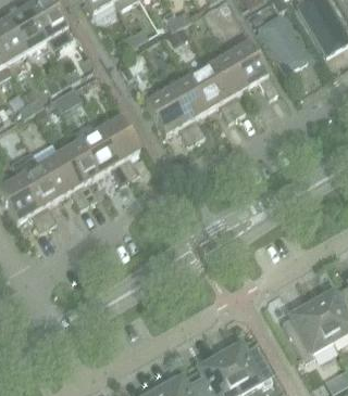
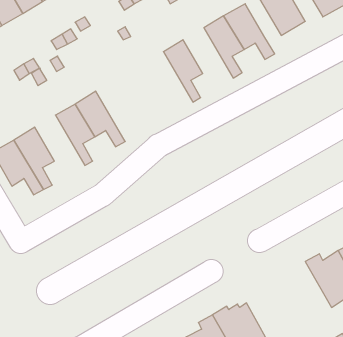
building: [187,64,237,119] -> none
building: [146,88,197,143] -> none
building: [100,115,140,177] -> none
building: [39,151,89,206] -> none
building: [281,296,335,360] -> none

